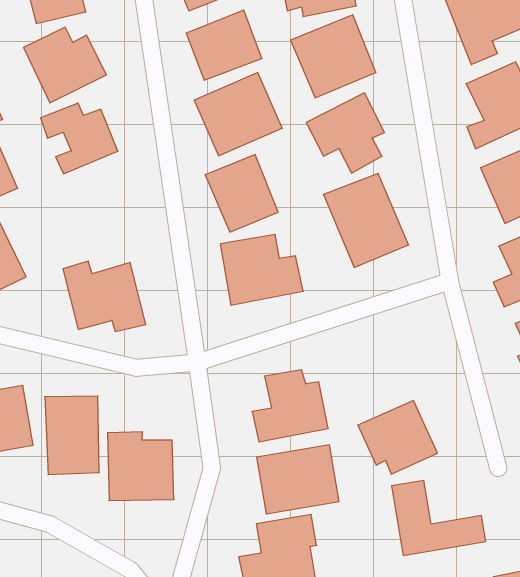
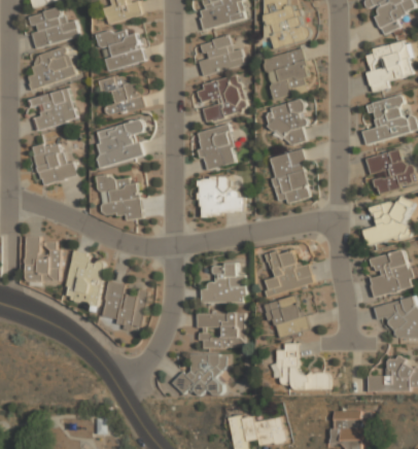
building: none -> [93,118,145,167]
building: none -> [262,247,314,296]

